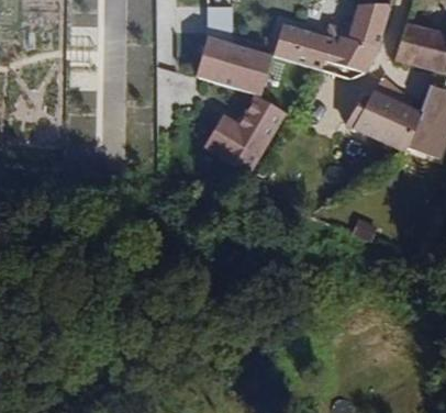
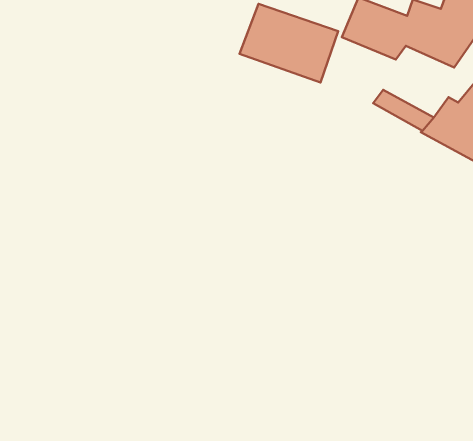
building: [218,94,286,171] -> none

